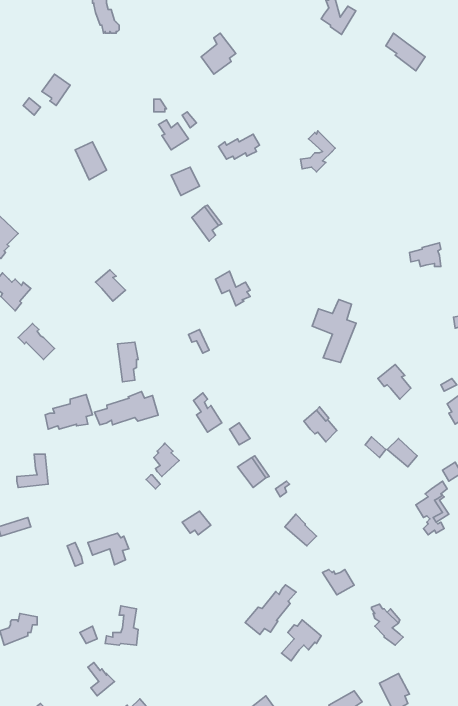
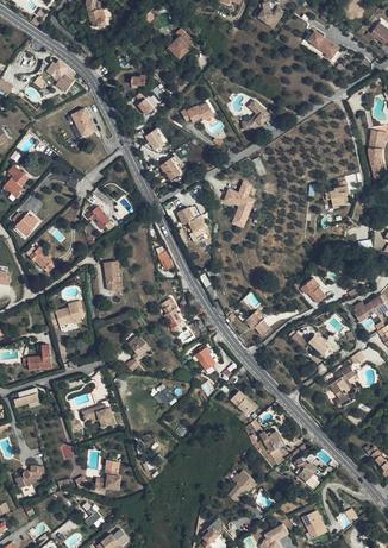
building: [312,299,356,363] -> [221,181,255,228]
building: [95,391,158,425] -> none
building: [245,585,296,635] -> none

